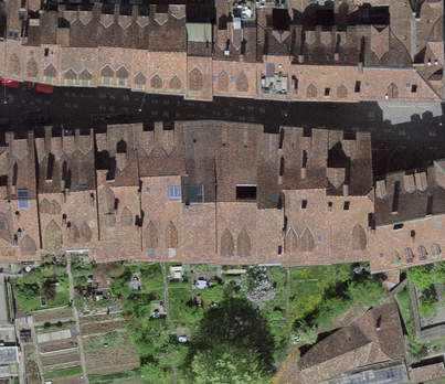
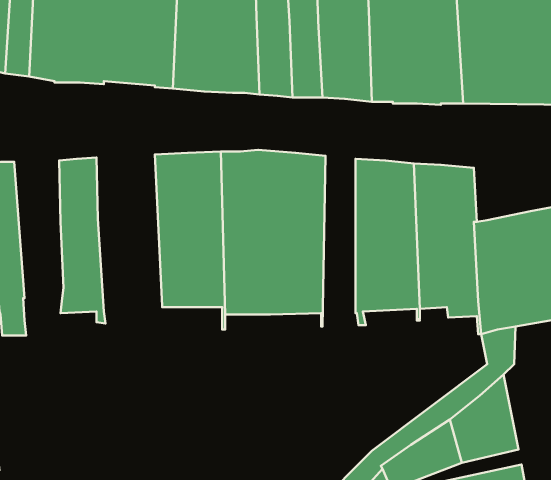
building: [91,136,139,260] -> none
building: [257,137,285,265] -> none
building: [30,140,66,258] -> none

